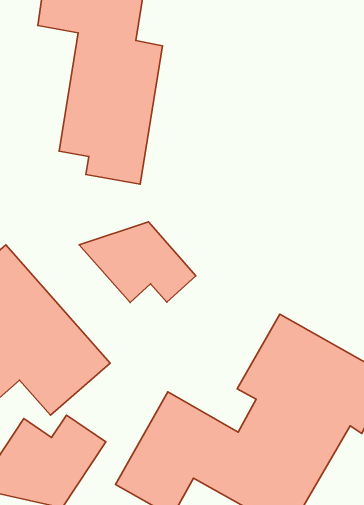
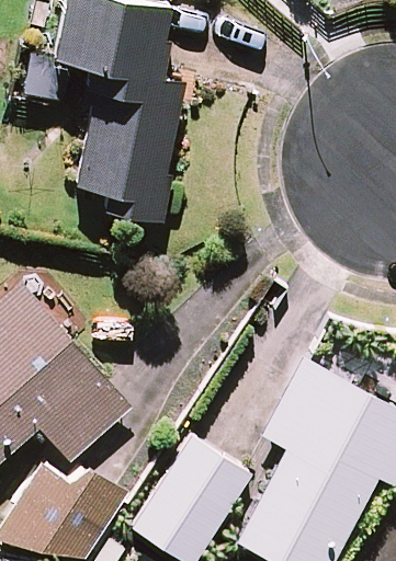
building: [79,222,196,302] -> none

